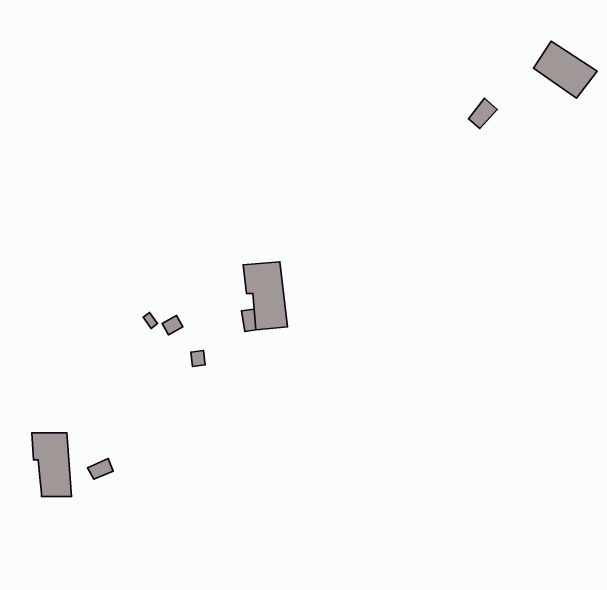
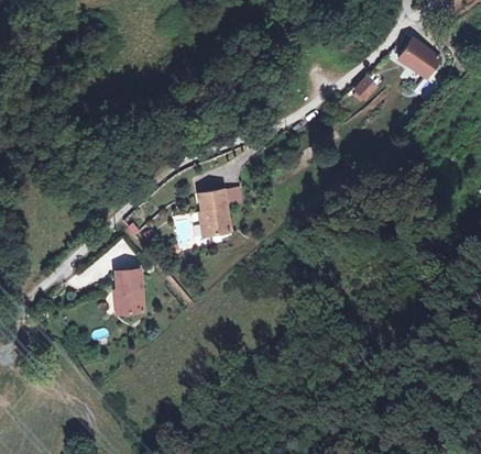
building: [32,433,72,496] -> [117,268,144,312]

